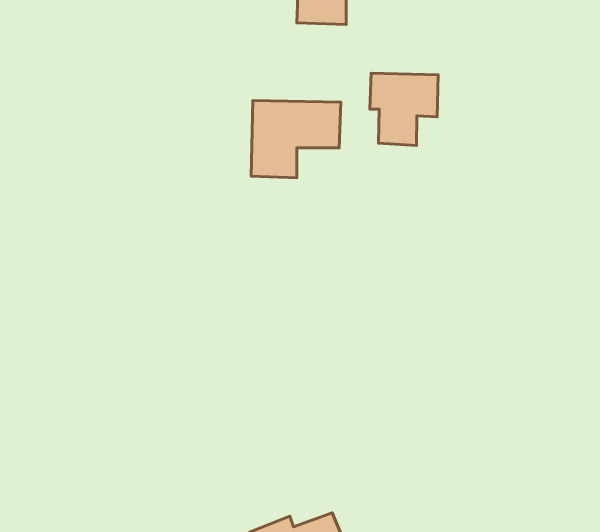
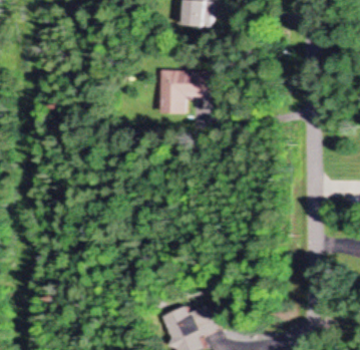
building: [370,73,438,145] -> none

